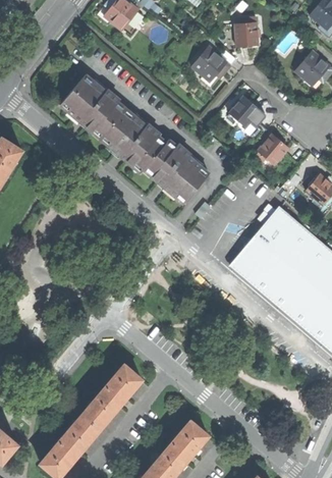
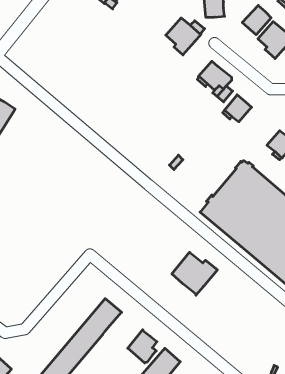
building: none -> [242,5,271,35]
building: [60,74,209,204] -> none
building: none -> [172,252,217,295]
building: none -> [128,330,157,363]

